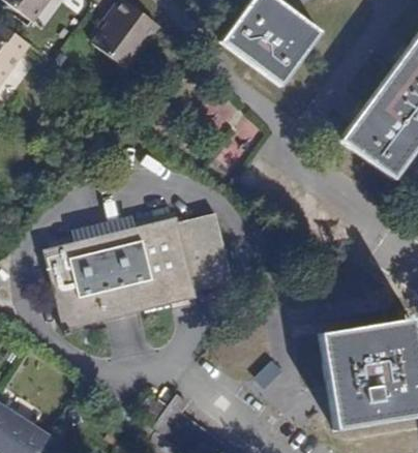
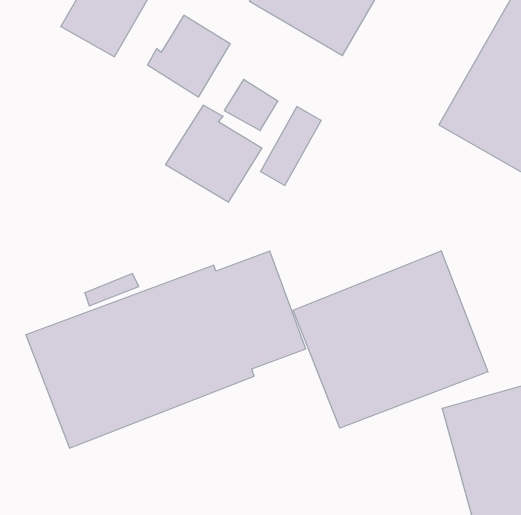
building: none -> [147,15,230,97]
building: none -> [166,105,262,202]
building: none -> [293,251,488,428]

